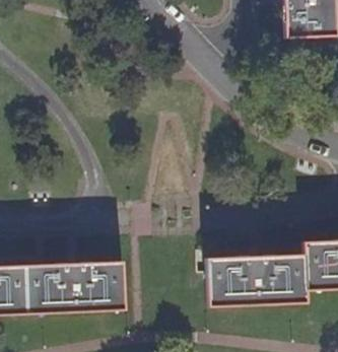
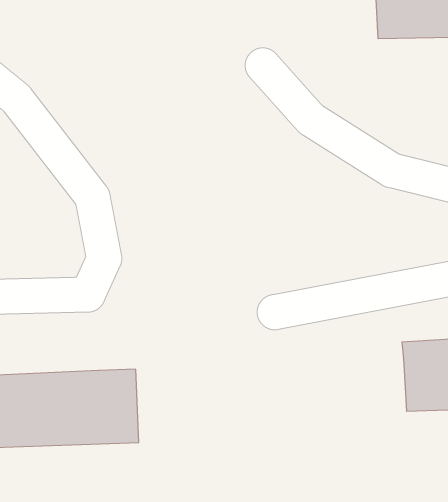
building: [206,254,306,306] -> none

